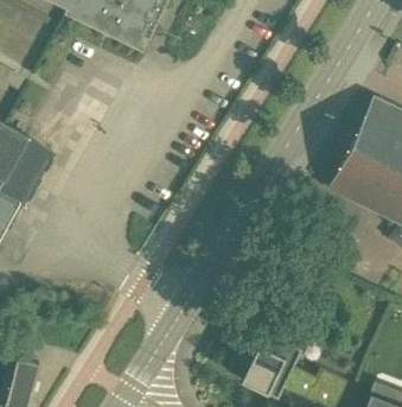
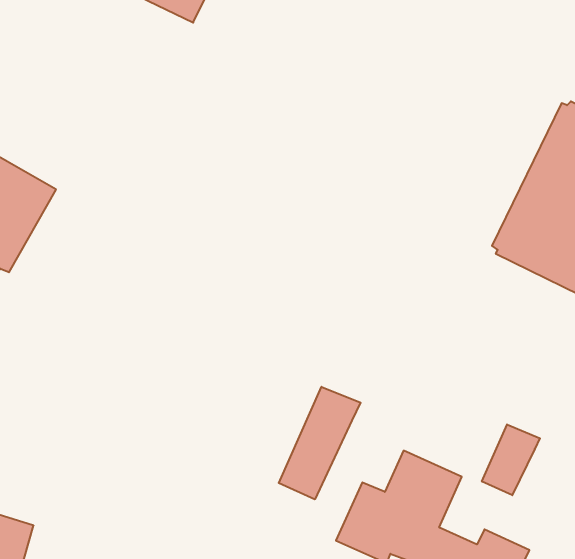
building: none -> [279,387,361,499]
building: none -> [482,424,540,495]

